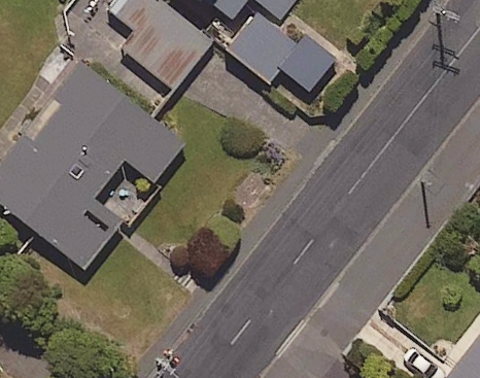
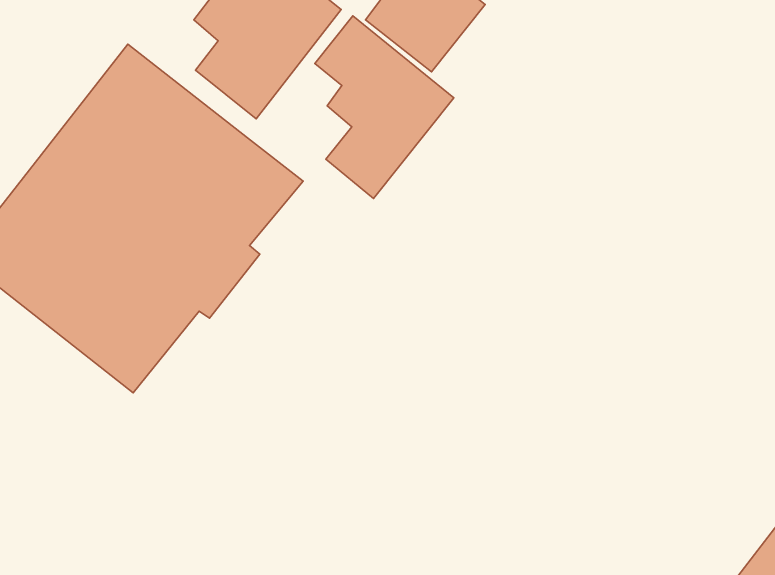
building: none -> [315,16,454,198]

